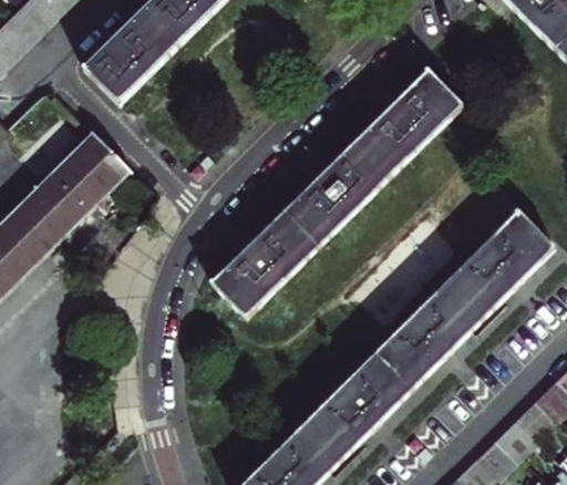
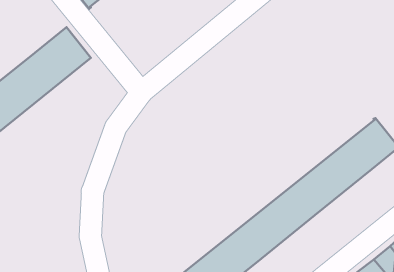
building: [210,66,464,316] -> none

